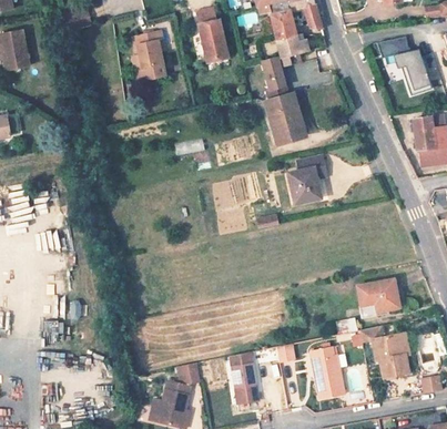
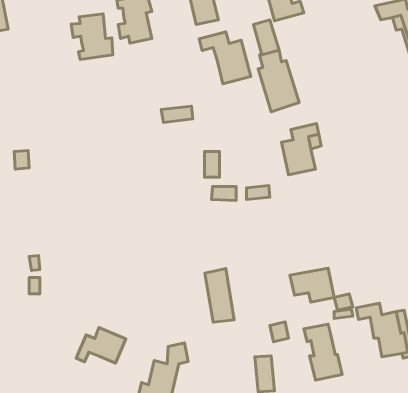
building: none -> [71,14,113,60]
building: none -> [199,32,251,84]
building: [357,279,399,311] -> [290,268,334,302]
building: none -> [76,328,126,363]
building: [231,353,258,404] -> [205,269,234,322]

